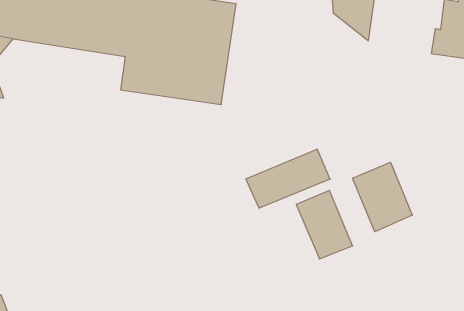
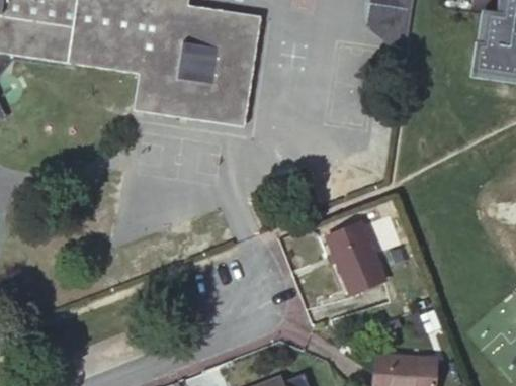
building: [246,149,330,208] -> none
building: [352,162,412,232] -> none

